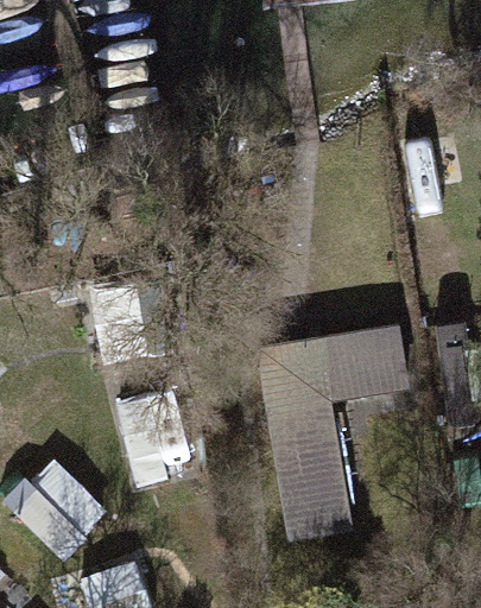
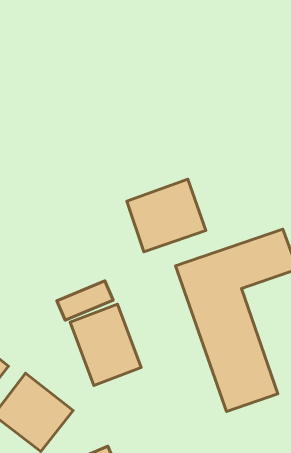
building: none -> [127,179,206,252]

